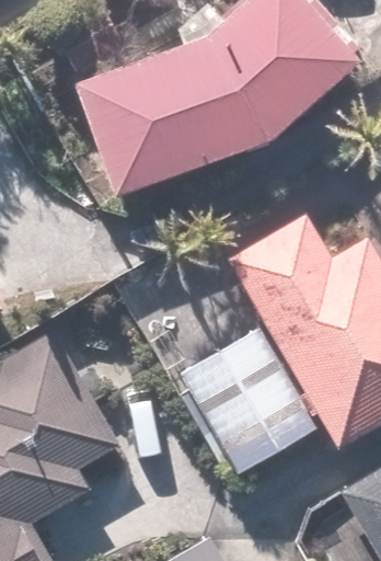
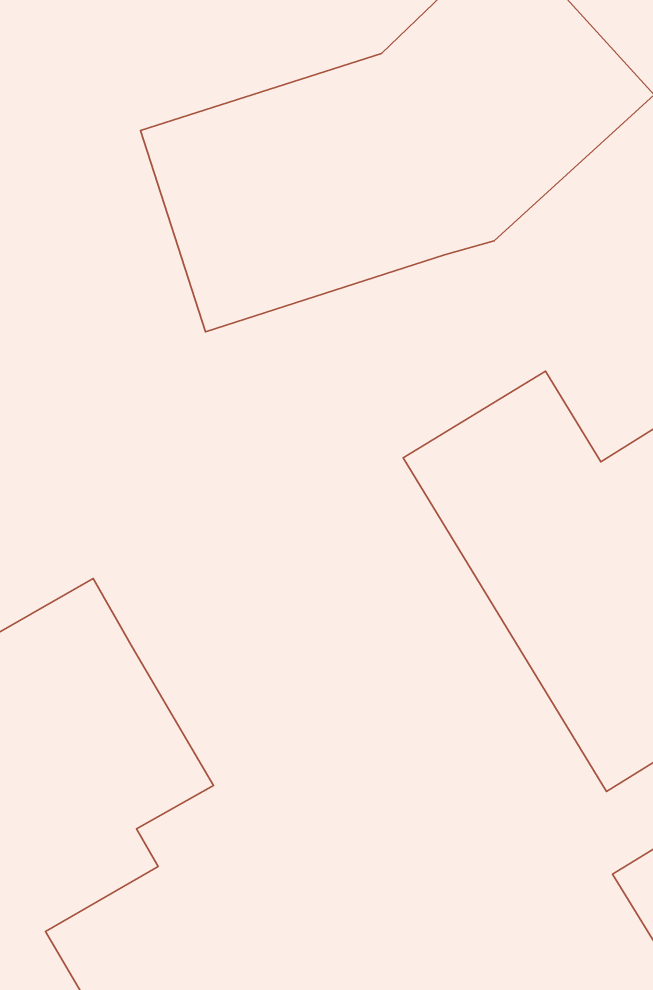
building: [169,321,307,468] -> none

